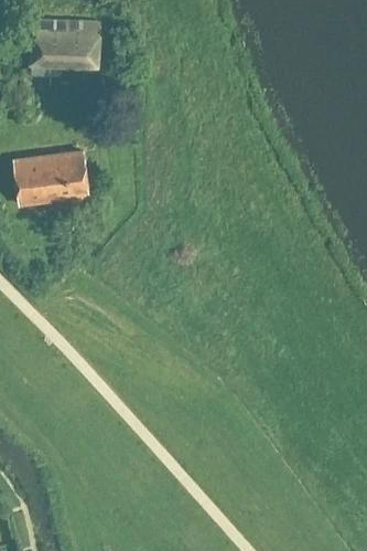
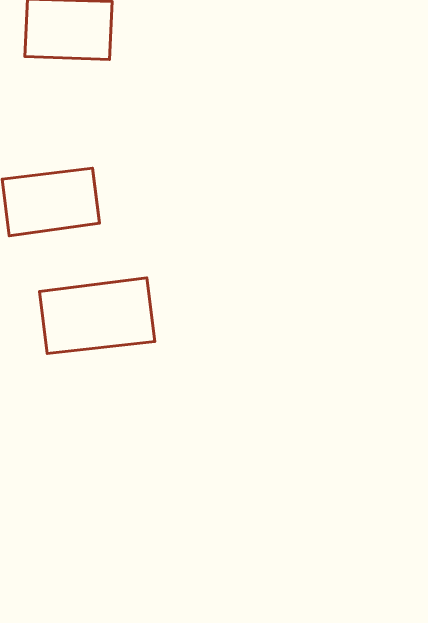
building: none -> [40,278,155,353]

